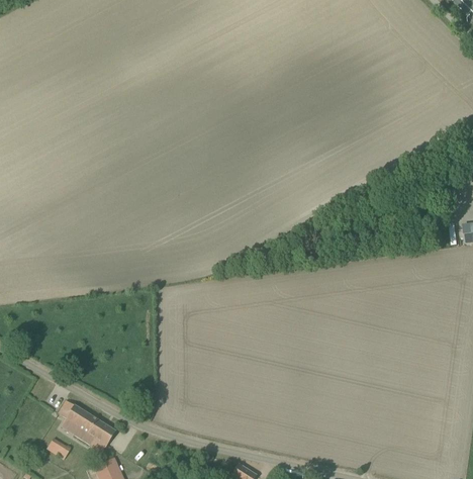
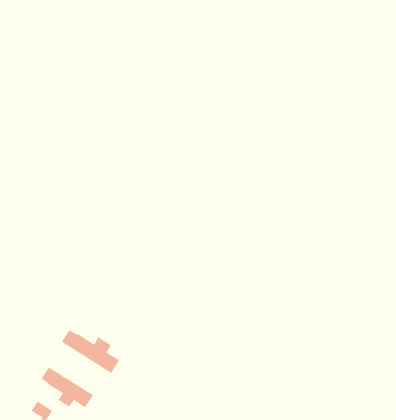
building: none -> [61,329,120,374]

